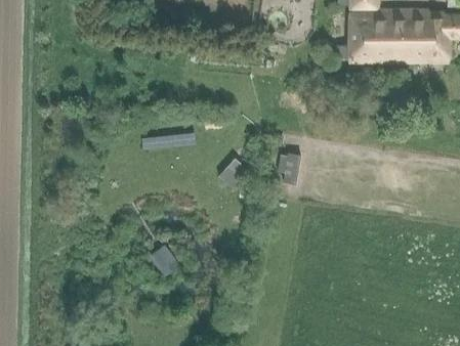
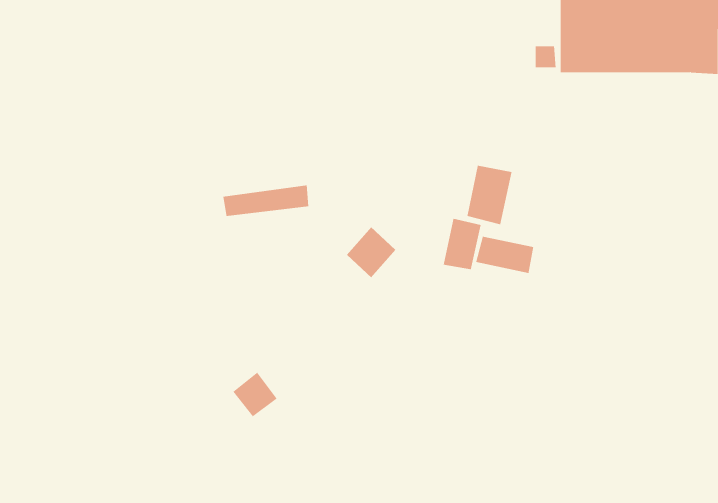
building: none -> [467,165,512,225]
building: none -> [475,236,534,274]

